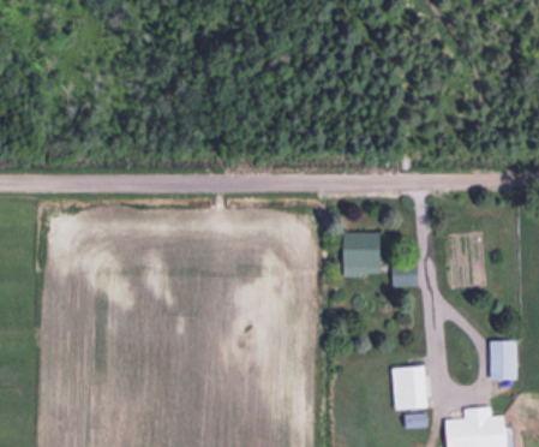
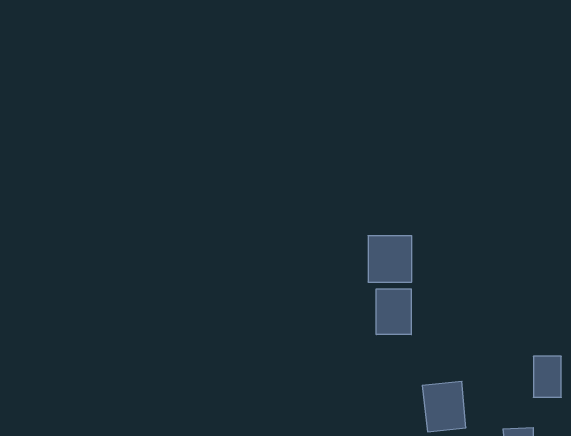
building: none -> [376,289,411,335]

